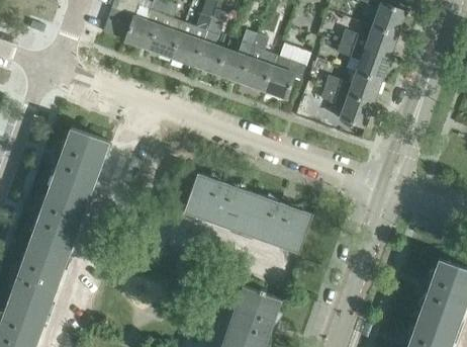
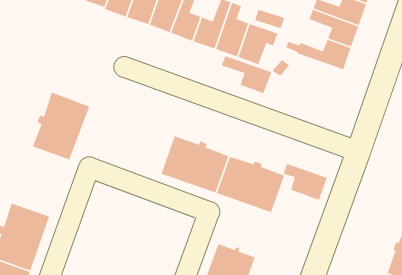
building: [319,88,373,128] -> [221,55,273,94]
building: [28,185,89,257] -> none
building: none -> [283,163,328,201]

